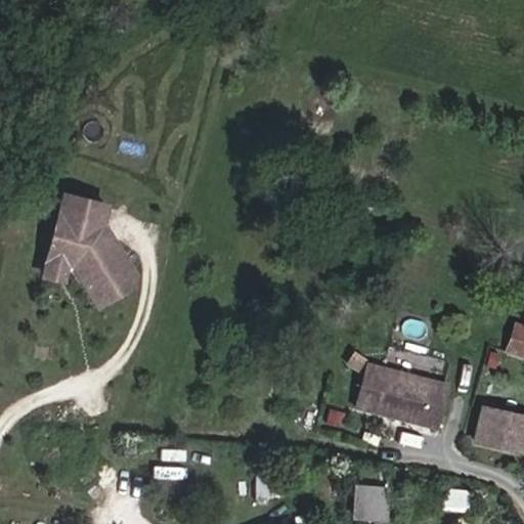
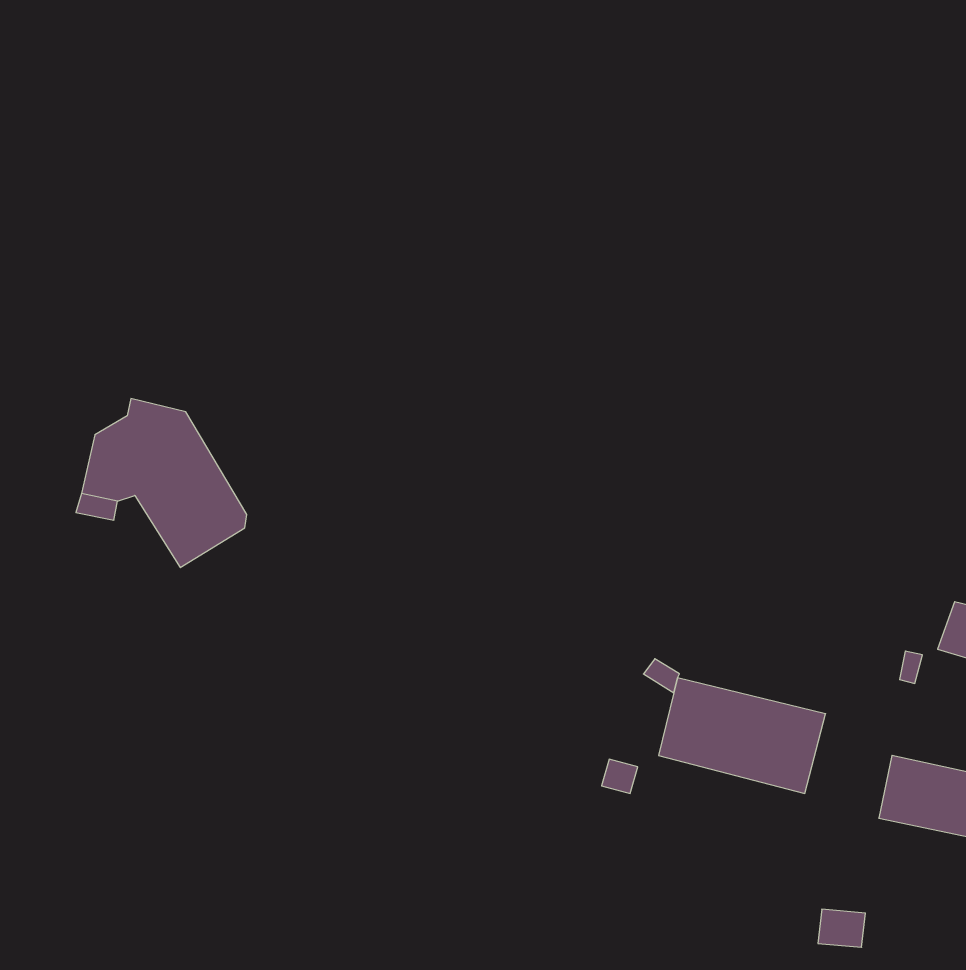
building: [53,194,106,234] -> none
building: [355,486,387,519] -> none

